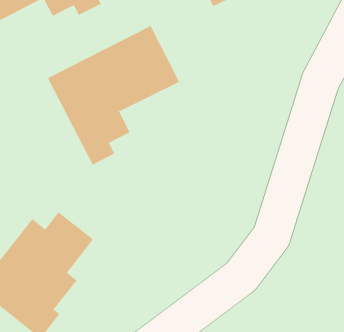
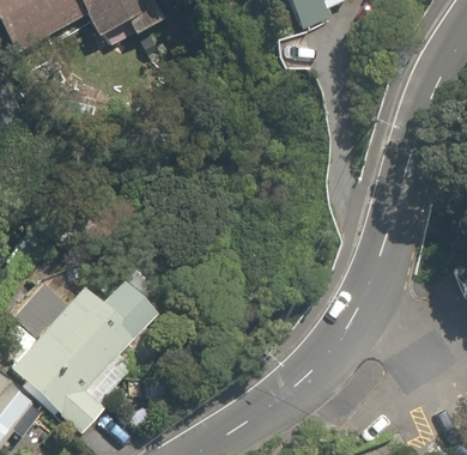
building: [47,25,180,165] -> none

